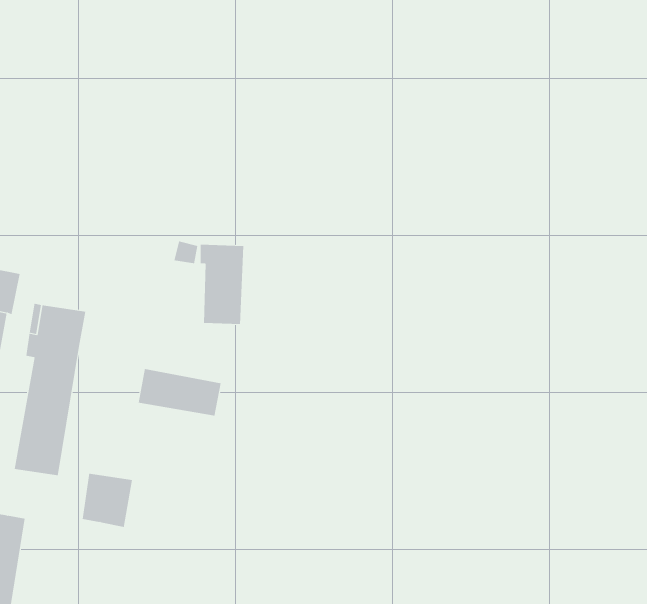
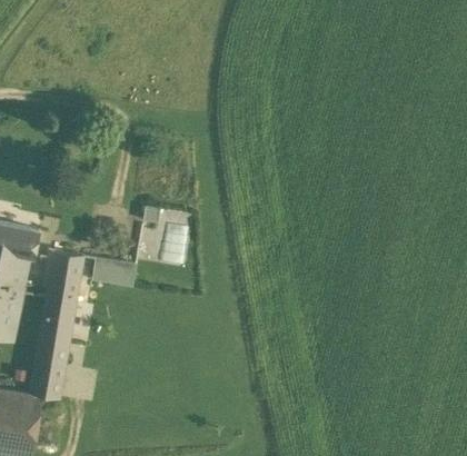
building: [138,368,222,416] -> [78,257,135,289]
building: [82,473,133,527] -> [29,364,63,400]

